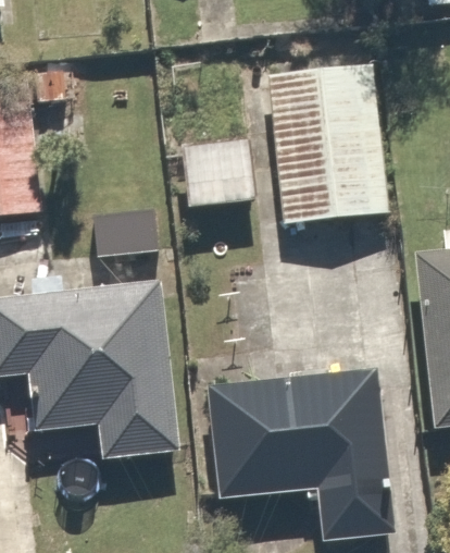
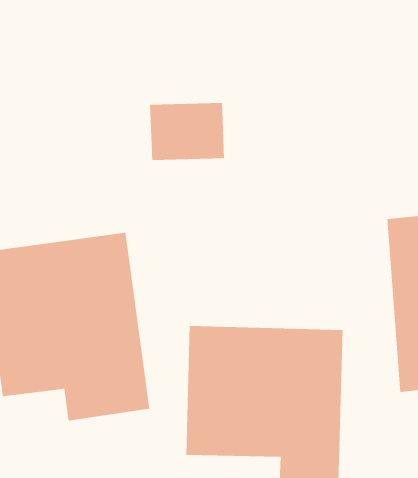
building: [264,94,379,231] -> none

